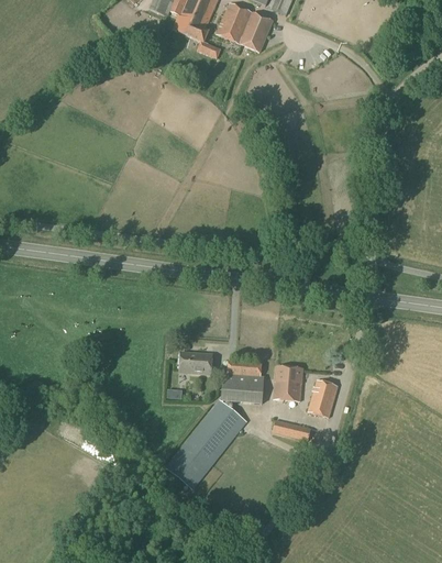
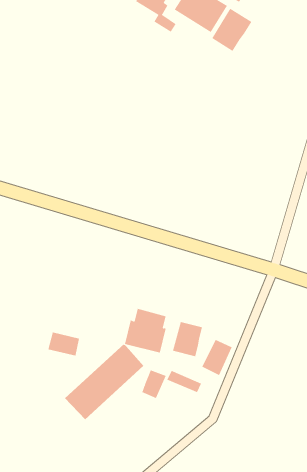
building: none -> [211,8,252,52]
building: [178,352,211,374] -> [47,332,80,356]
building: none -> [142,370,166,399]

